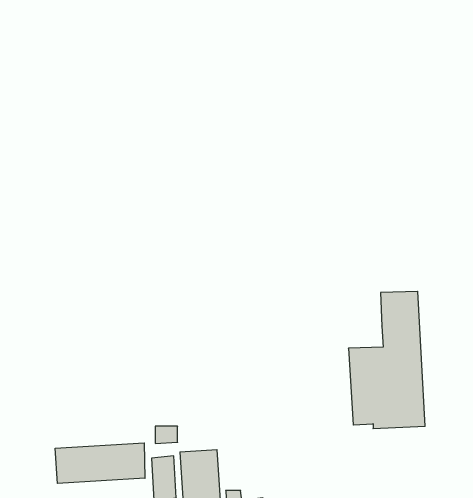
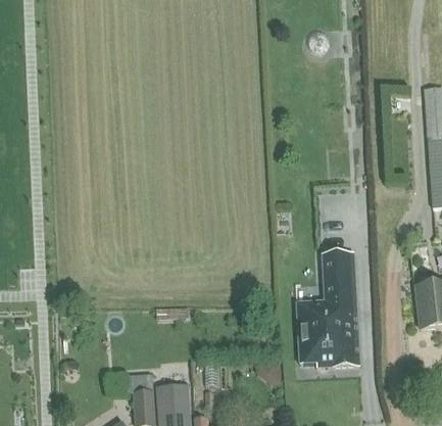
building: [55,443,145,483] -> none

